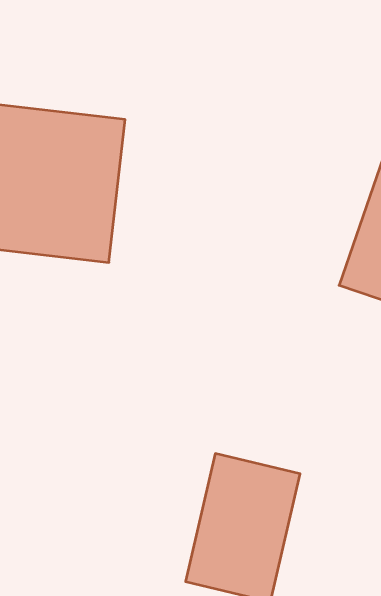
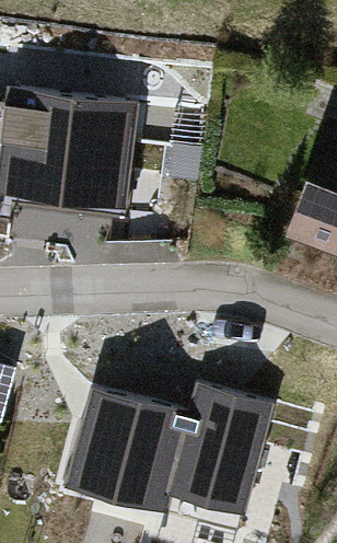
building: none -> [86,365,179,484]

